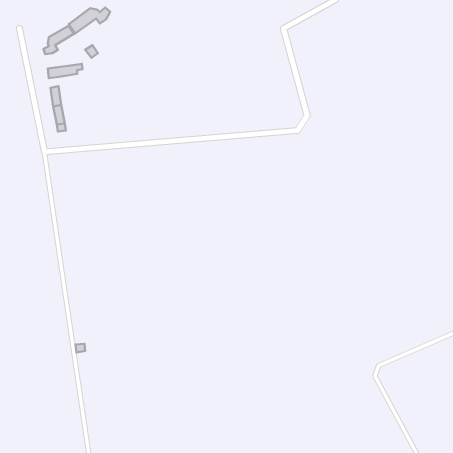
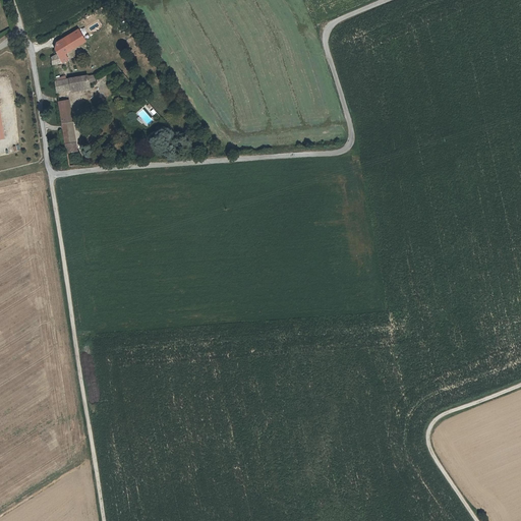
building: [69,8,110,34] -> none

